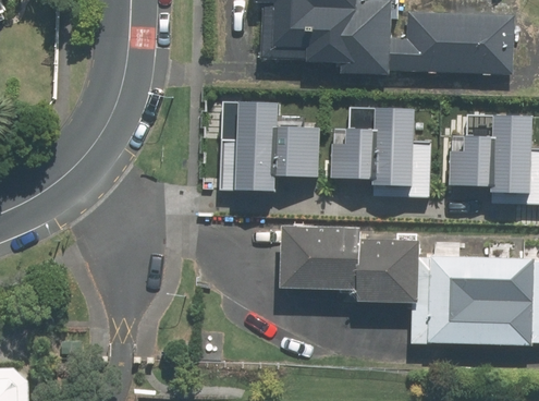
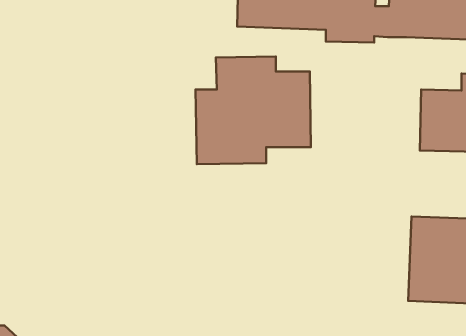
building: [338,105,411,187] -> none
building: [281,223,420,301] -> none

